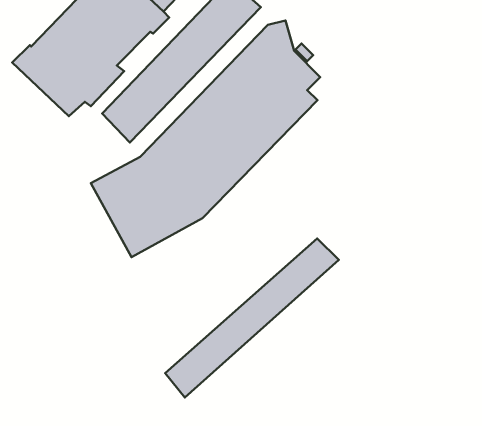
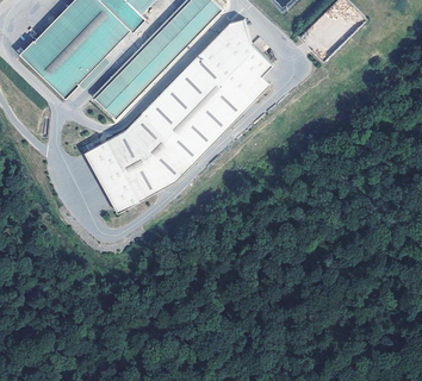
building: [165,239,339,397] -> none

